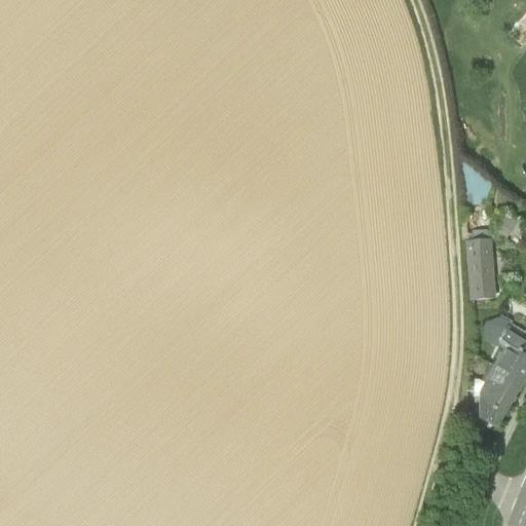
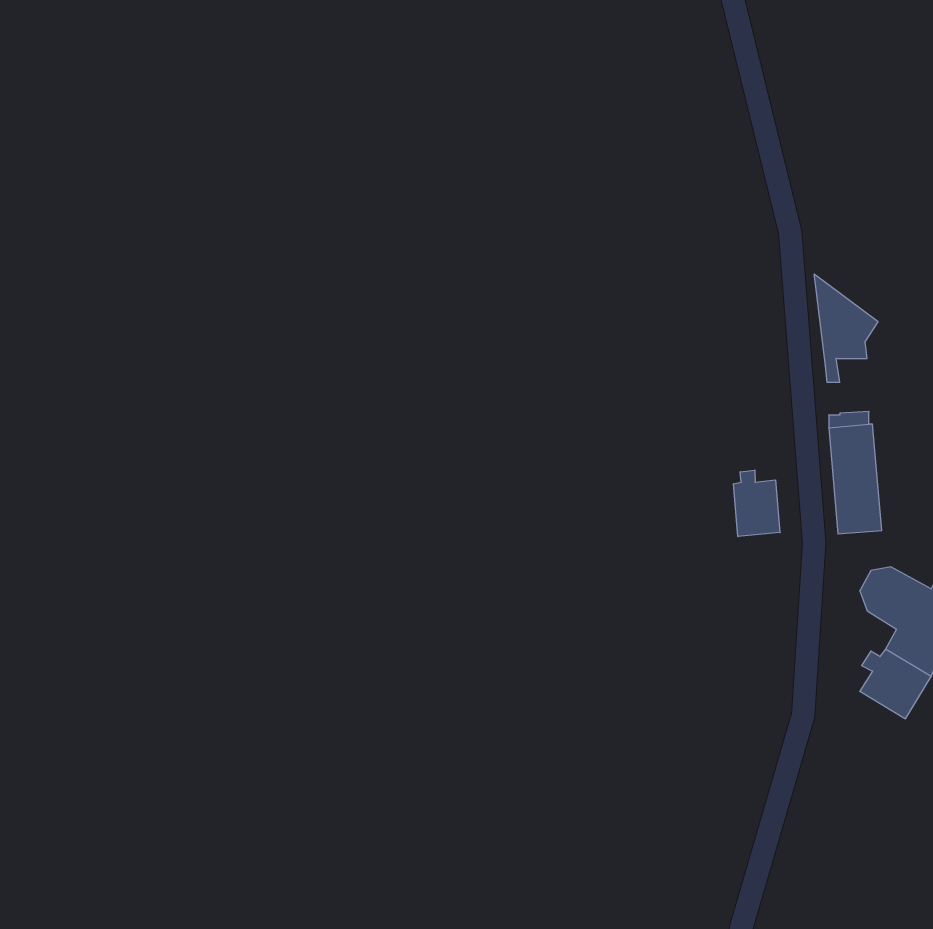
building: none -> [733,470,780,537]
building: [474,388,510,426] -> none

